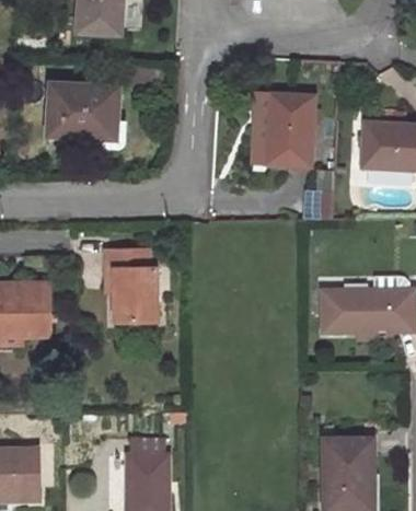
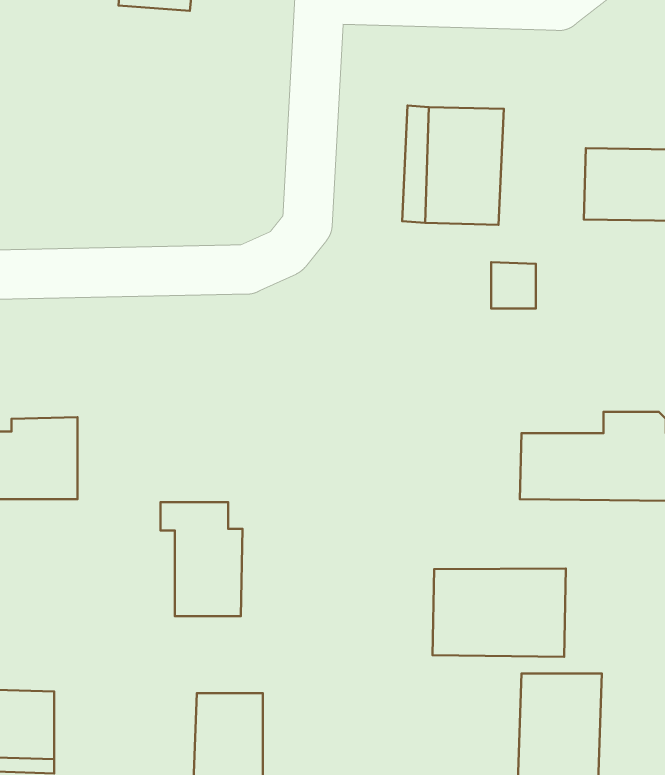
building: [46,81,116,136] -> none
building: [107,249,158,320] -> [161,502,243,616]
building: none -> [433,569,566,657]

